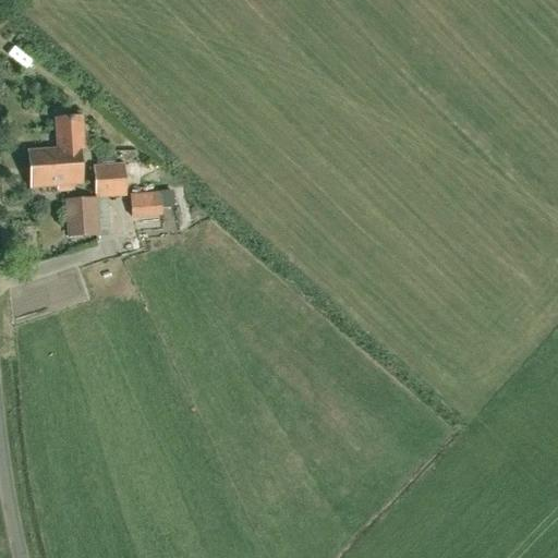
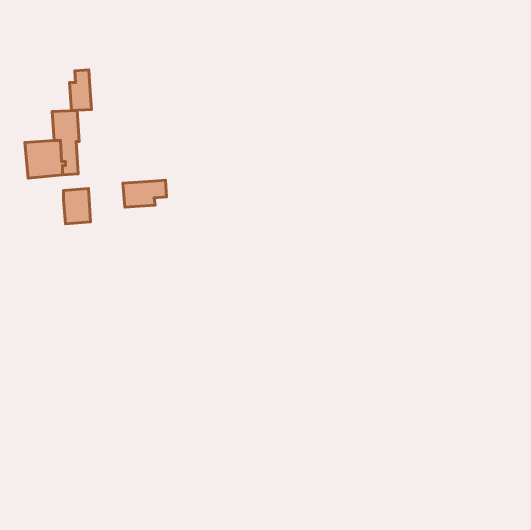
building: none -> [69,70,92,111]
building: [94,162,128,197] -> none

